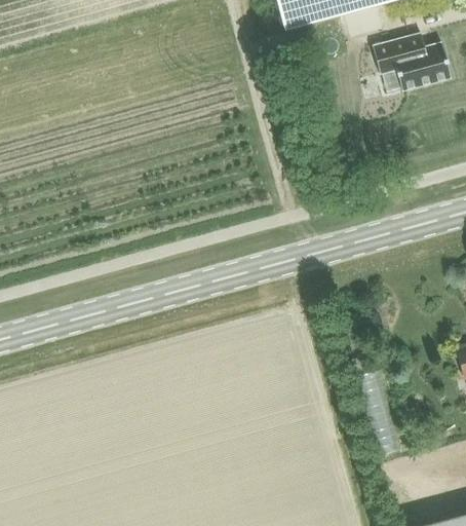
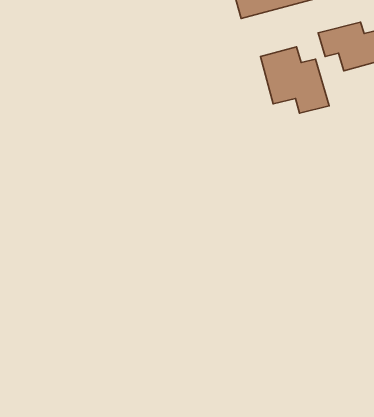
building: none -> [260,47,329,113]

